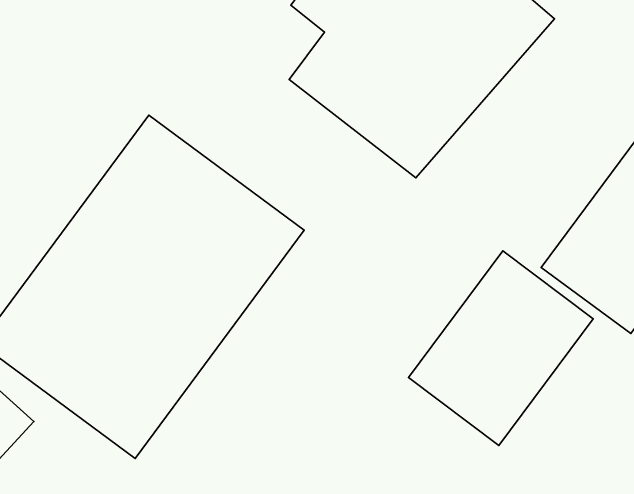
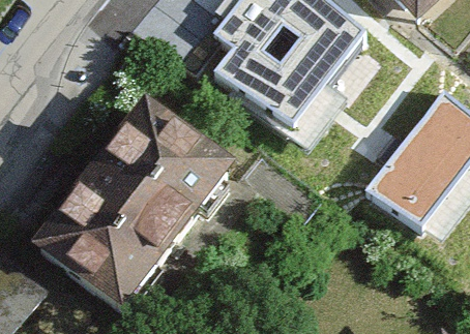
building: [409,251,593,445] -> none

